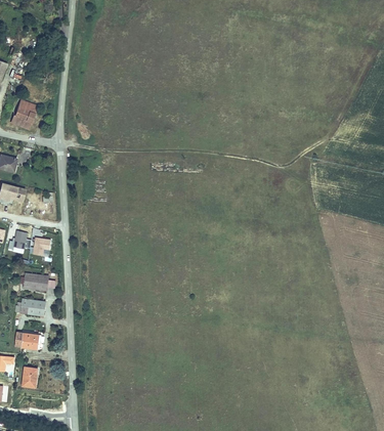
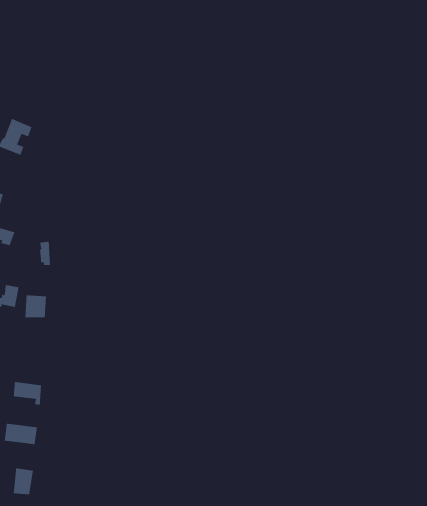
building: [20,276,48,294] -> none

